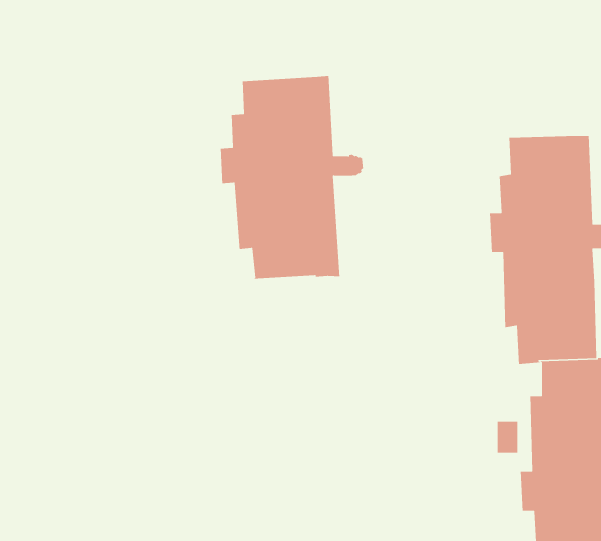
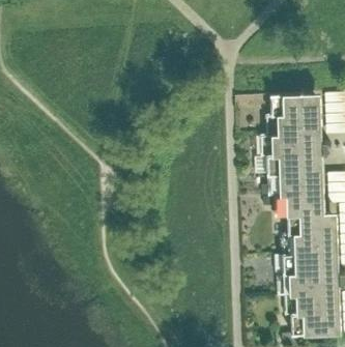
building: [220,75,364,280] -> none

